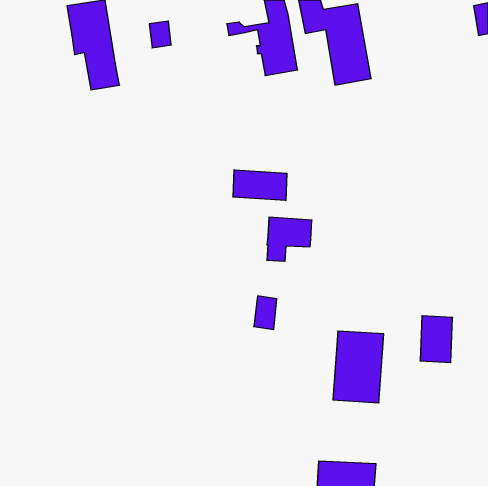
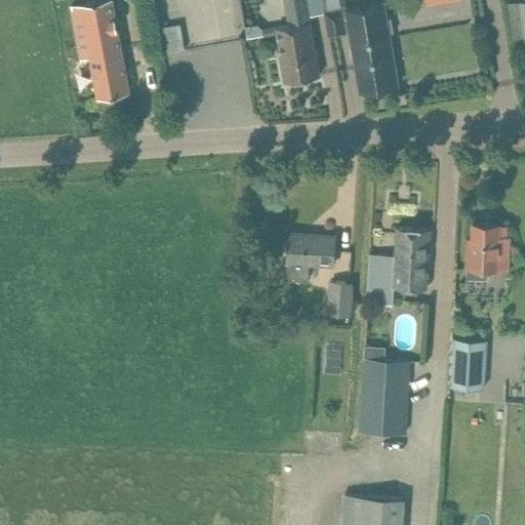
building: [233,170,287,201] -> none
building: none -> [468,227,508,283]
building: none -> [366,230,430,307]
building: [254,296,277,329] -> [326,284,351,320]

